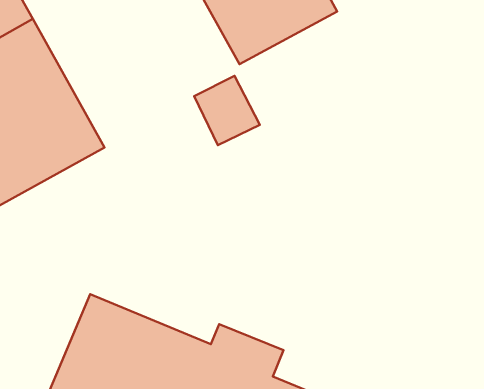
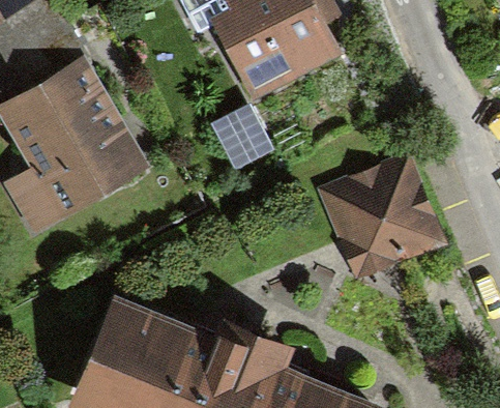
building: none -> [319,155,446,279]

